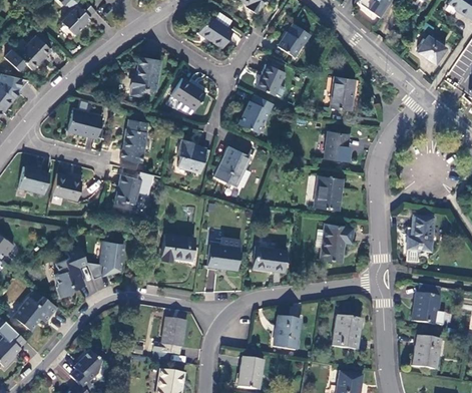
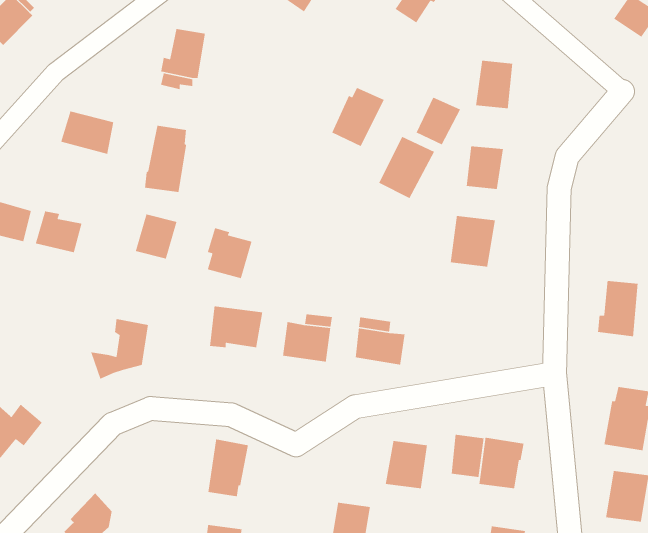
building: [256,63,285,94] -> [415,97,461,146]
building: [171,77,205,112] -> none
building: [177,138,206,171] -> [207,227,253,279]
building: [214,145,251,185] -> [378,136,435,199]
building: [321,224,353,261] -> none
building: [54,246,86,297] -> none
building: none -> [451,434,485,478]

